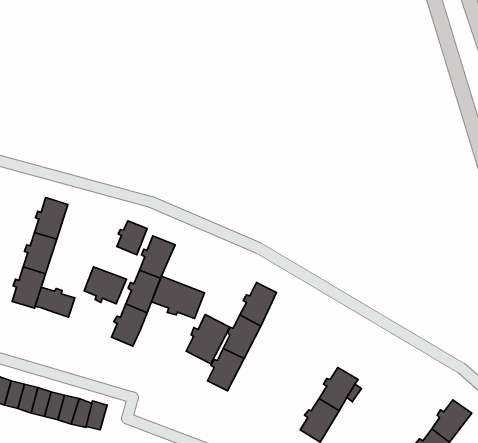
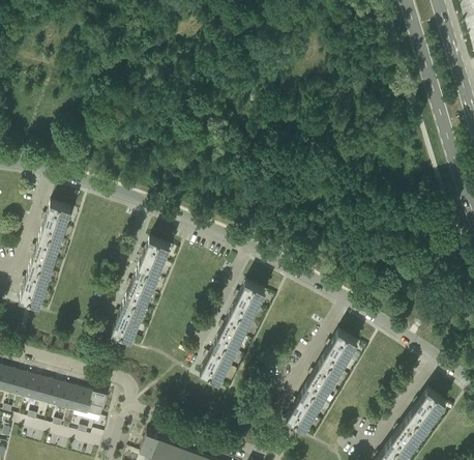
building: [117,221,147,255] -> none
building: [84,267,126,304] -> none
building: [152,276,205,319] -> none
building: [35,287,75,317] -> none
building: [186,315,230,364] -> none
building: none -> [325,330,361,371]

